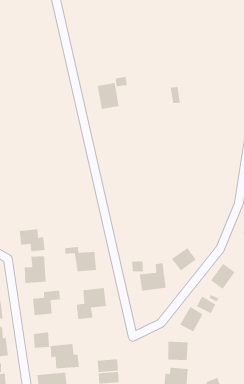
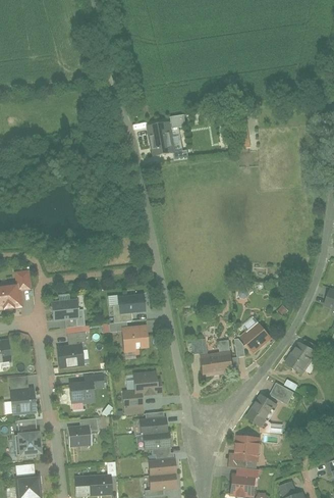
building: none -> [112,293,143,320]
building: [50,343,80,369] -> [136,415,173,447]

